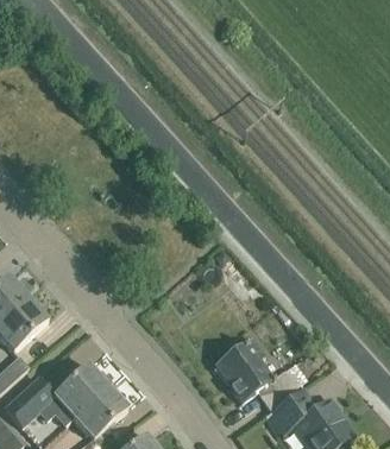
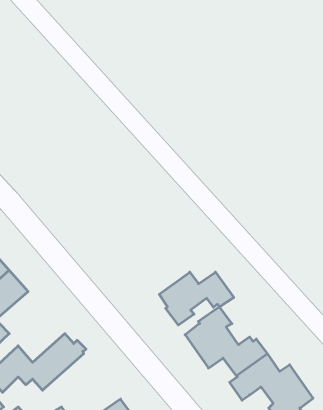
building: none -> [159,272,234,325]
building: [73,386,127,438] -> none

